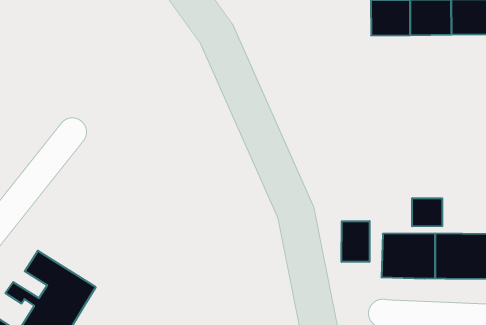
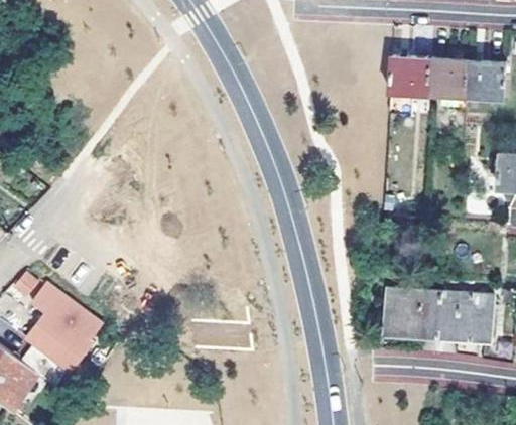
building: [412,198,442,226] -> none
building: [342,221,370,262] -> none

